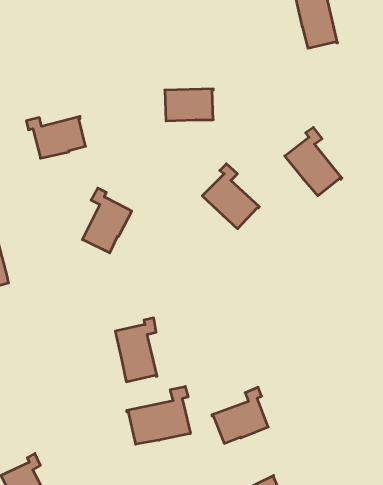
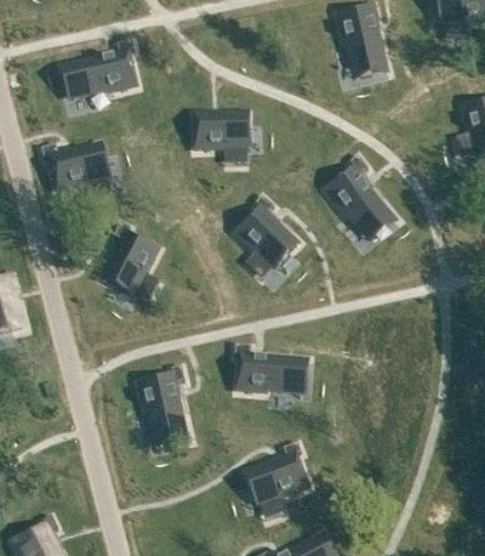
building: none -> [72,42,136,100]
building: none -> [234,346,297,396]
building: [127,386,190,444] -> none

